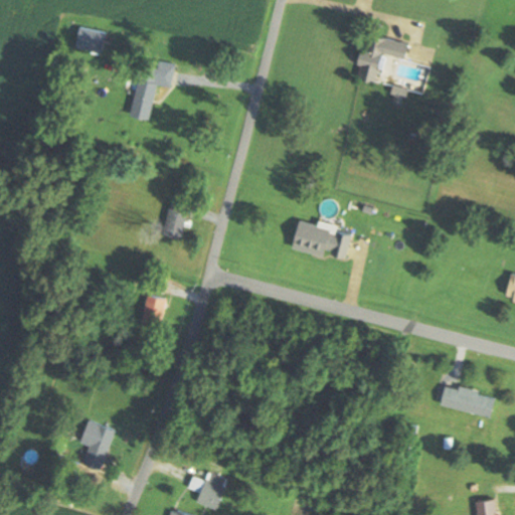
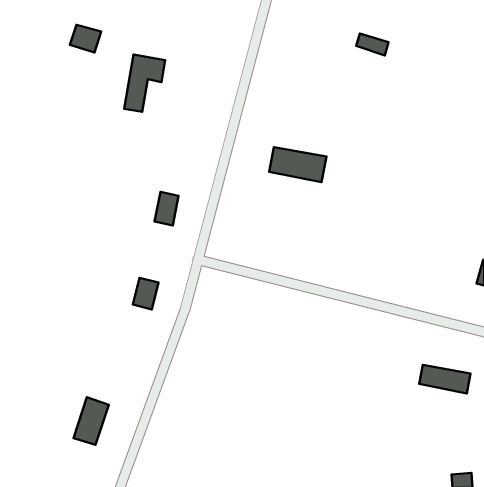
building: [354,53,384,83] -> none
building: [292,222,352,260] -> [269,147,326,182]
building: [187,468,228,510] -> none

